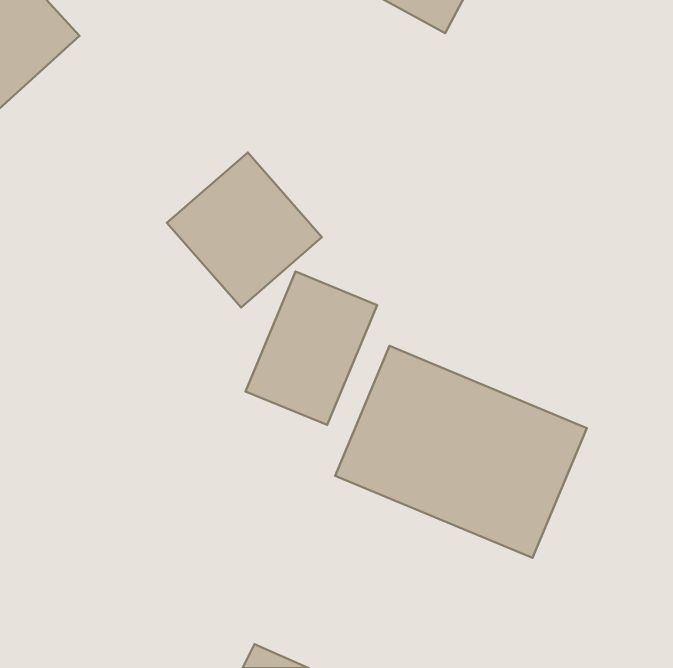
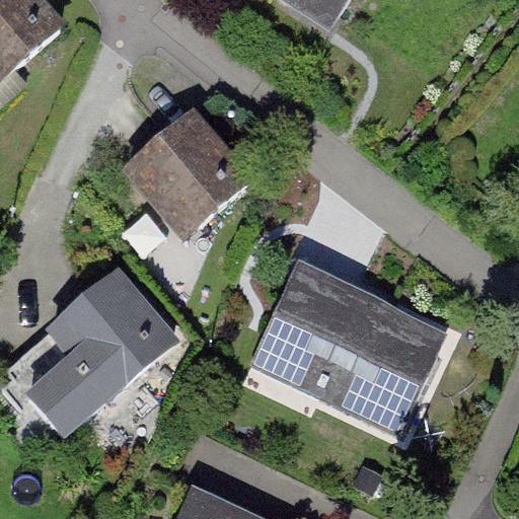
building: [245,272,377,425] -> none
building: none -> [6,276,171,435]

